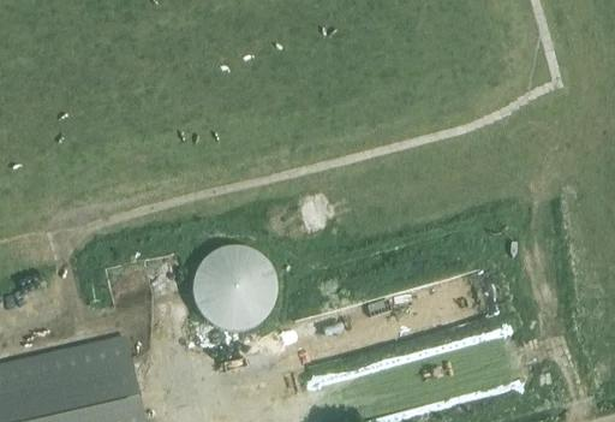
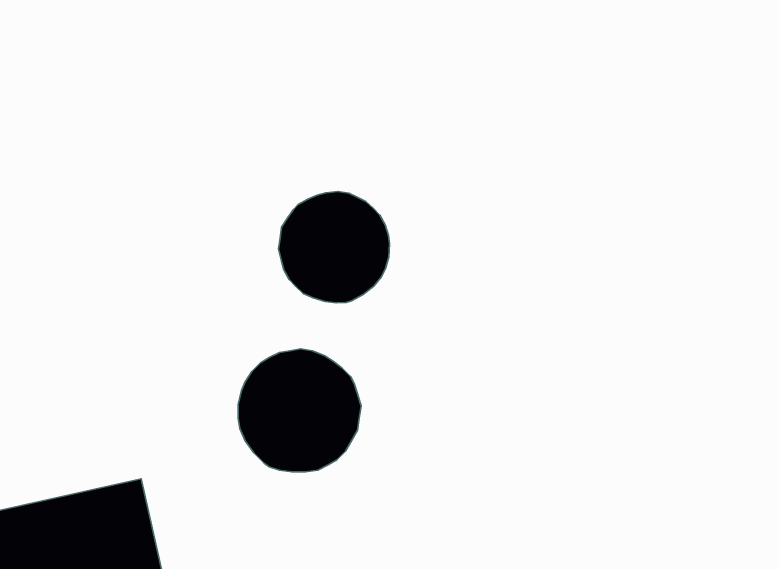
building: none -> [279,192,389,303]

